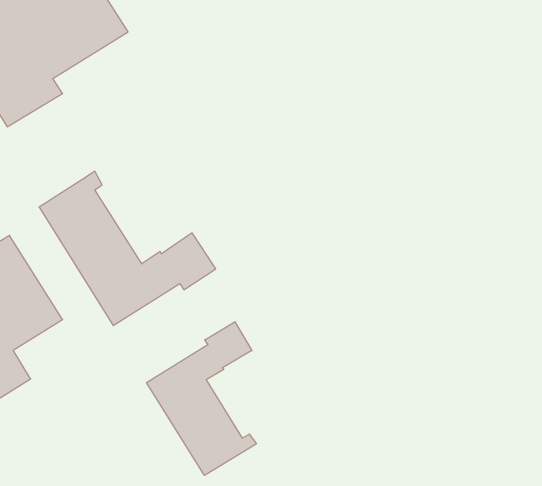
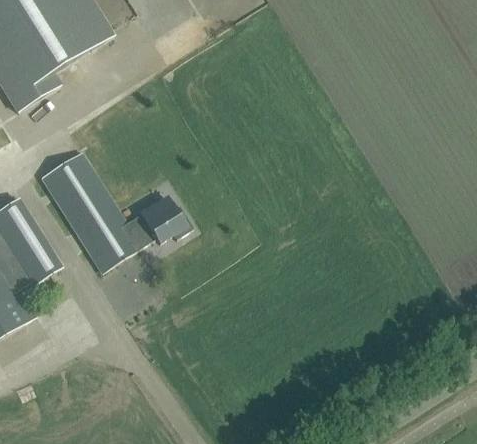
building: [147,322,256,475] -> none

